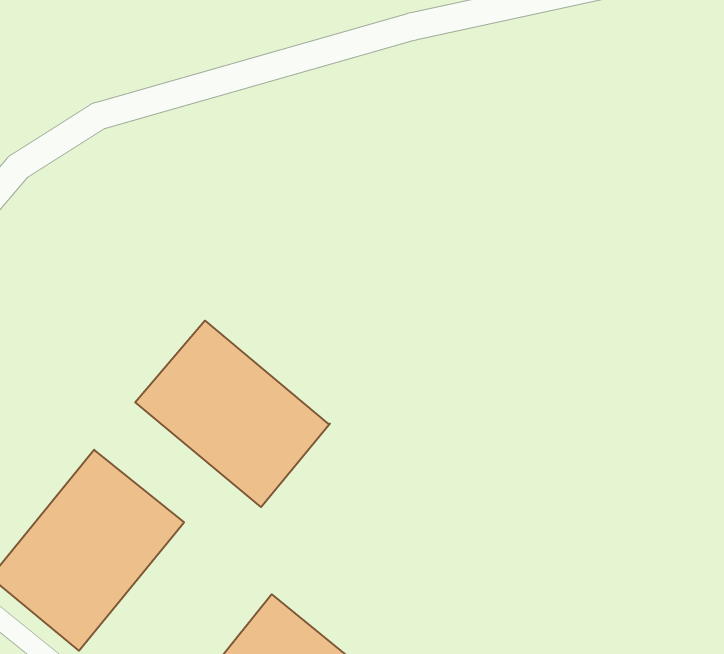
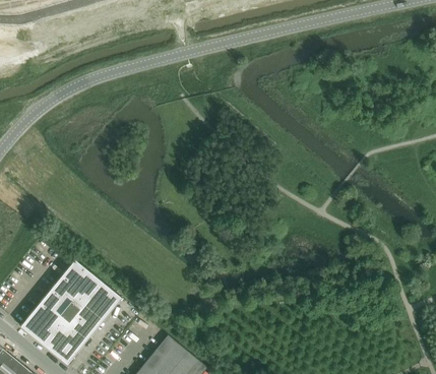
building: [135,321,330,507] -> none

